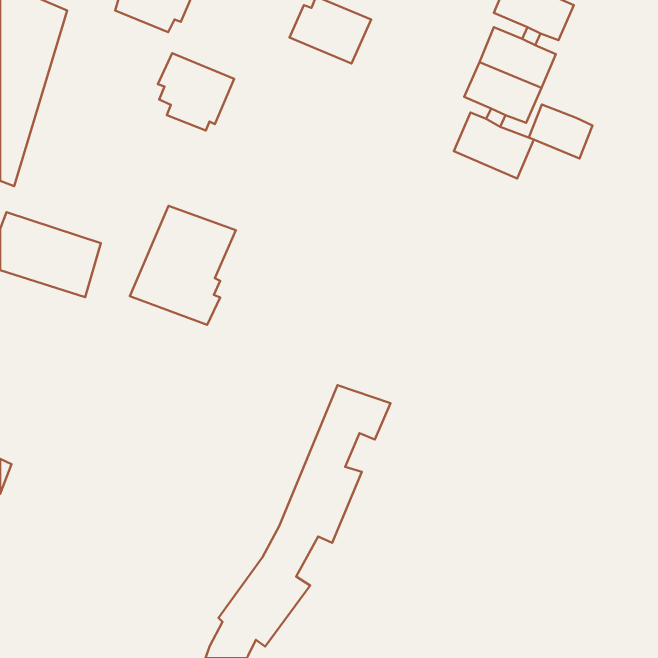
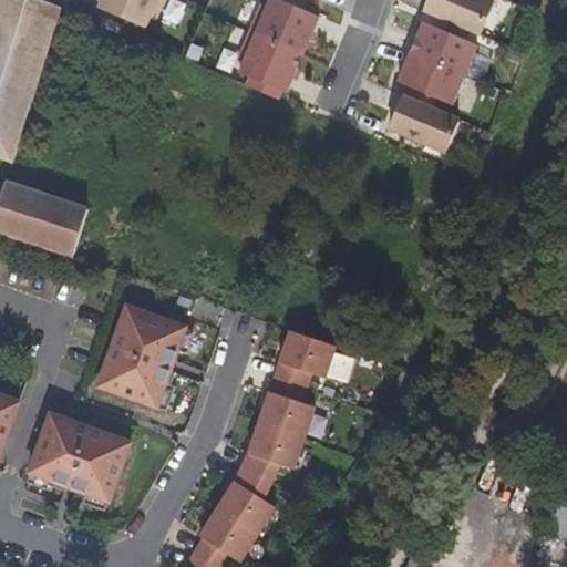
building: [158,53,234,131] -> [238,32,303,99]
building: [529,104,593,159] -> none
building: [130,206,236,325] -> [94,305,185,406]
building: none -> [19,410,123,496]

